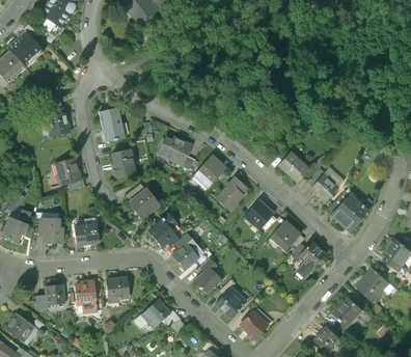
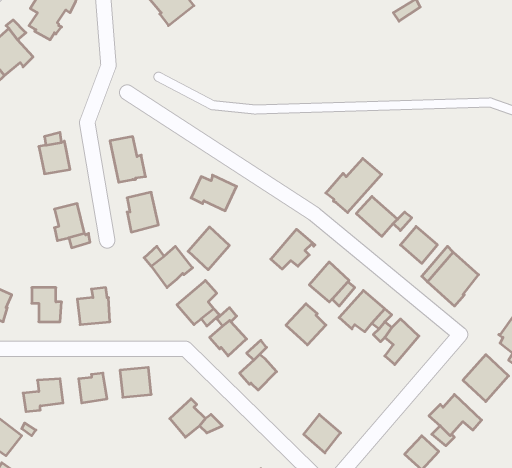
building: none -> [326,158,382,213]
building: [193,157,223,188] -> [188,227,229,270]
building: [215,289,244,319] -> [286,304,326,345]

